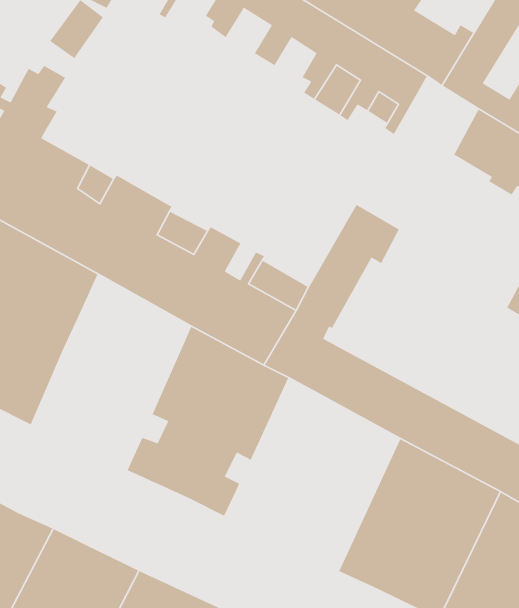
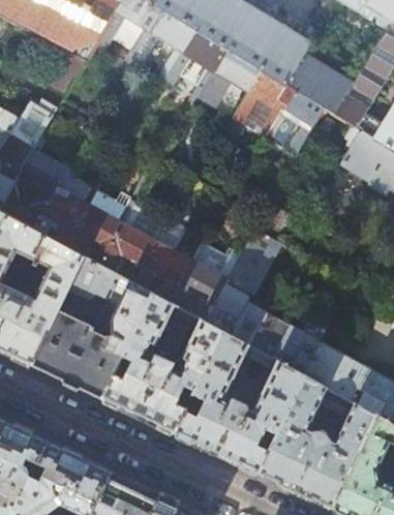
building: none -> [31,253,149,398]
building: none -> [174,330,303,473]

